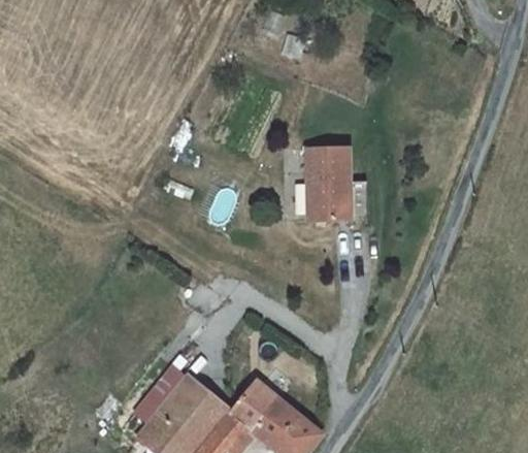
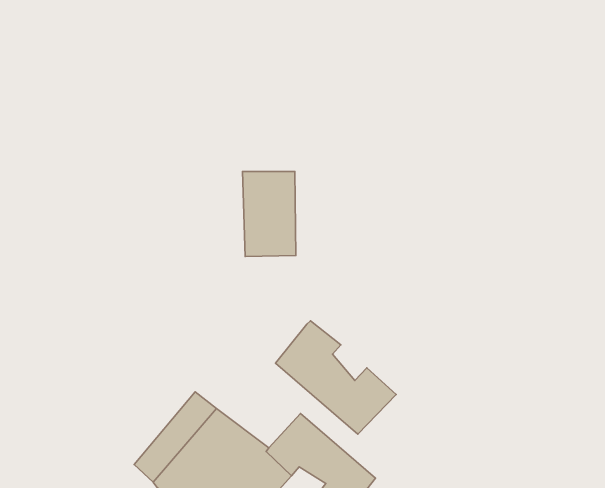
building: [311,148,355,217] -> [243,172,296,257]
building: none -> [276,321,396,434]

